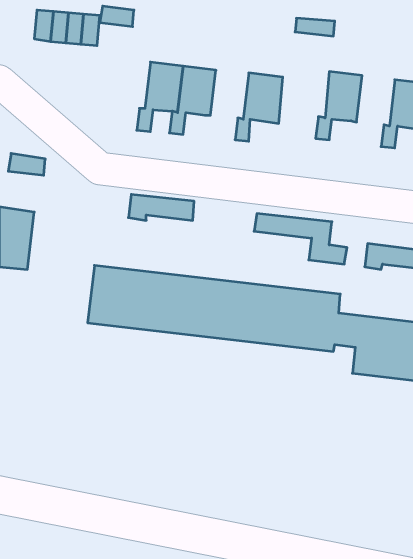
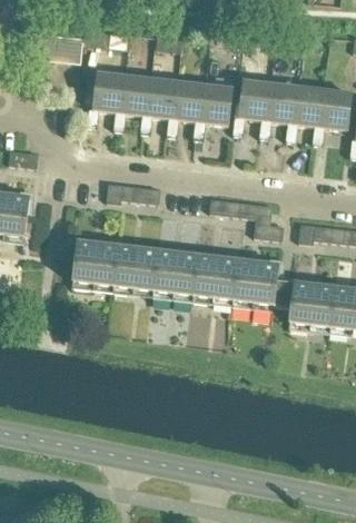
building: none -> [87,70,123,126]
building: none -> [233,77,269,134]
building: none -> [166,79,204,135]
building: none -> [285,83,323,139]

